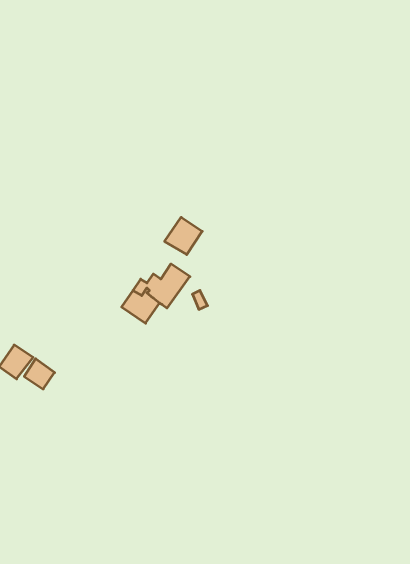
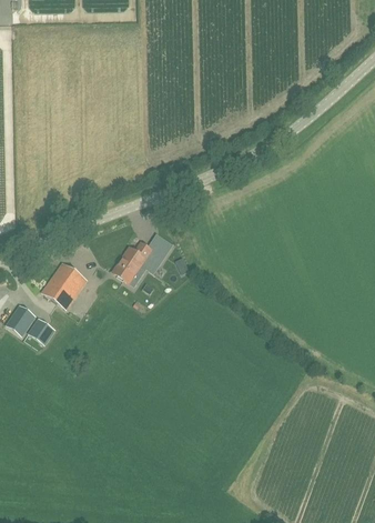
building: [165,217,202,255] -> none
building: none -> [41,262,87,308]

